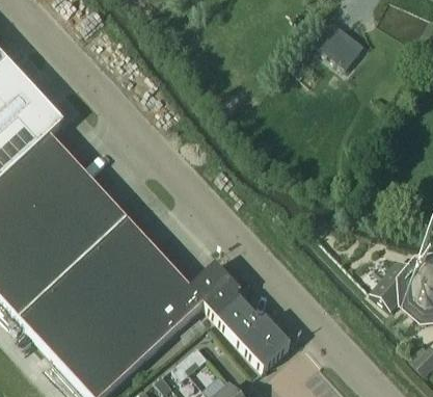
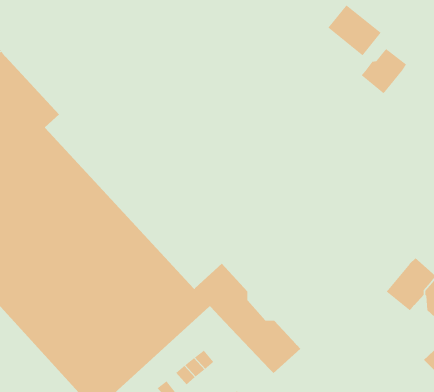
building: none -> [361,48,407,94]

